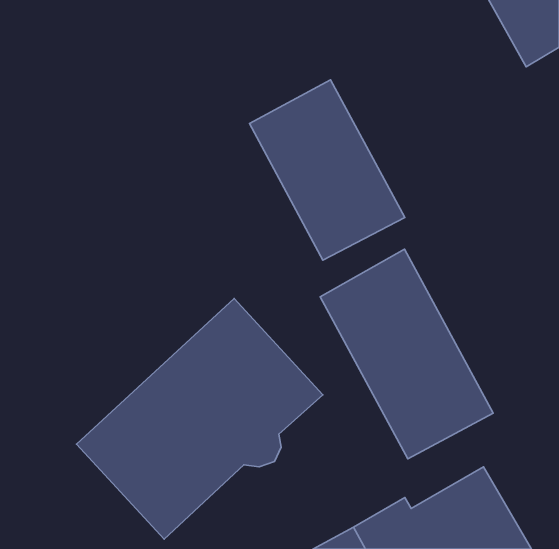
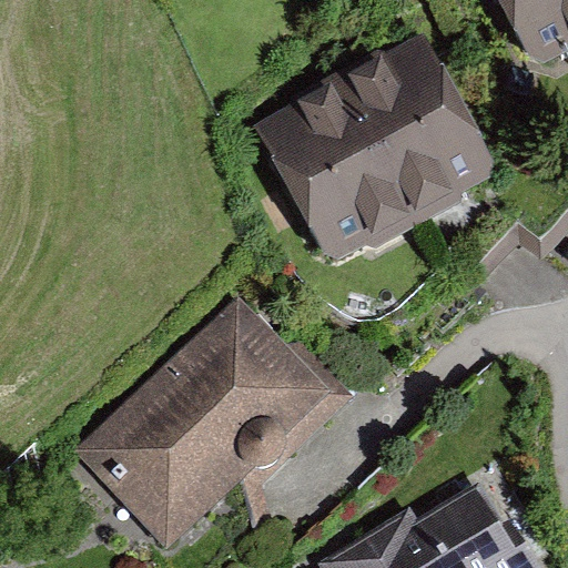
building: none -> [335,34,498,221]
building: [320,249,493,459] -> none

